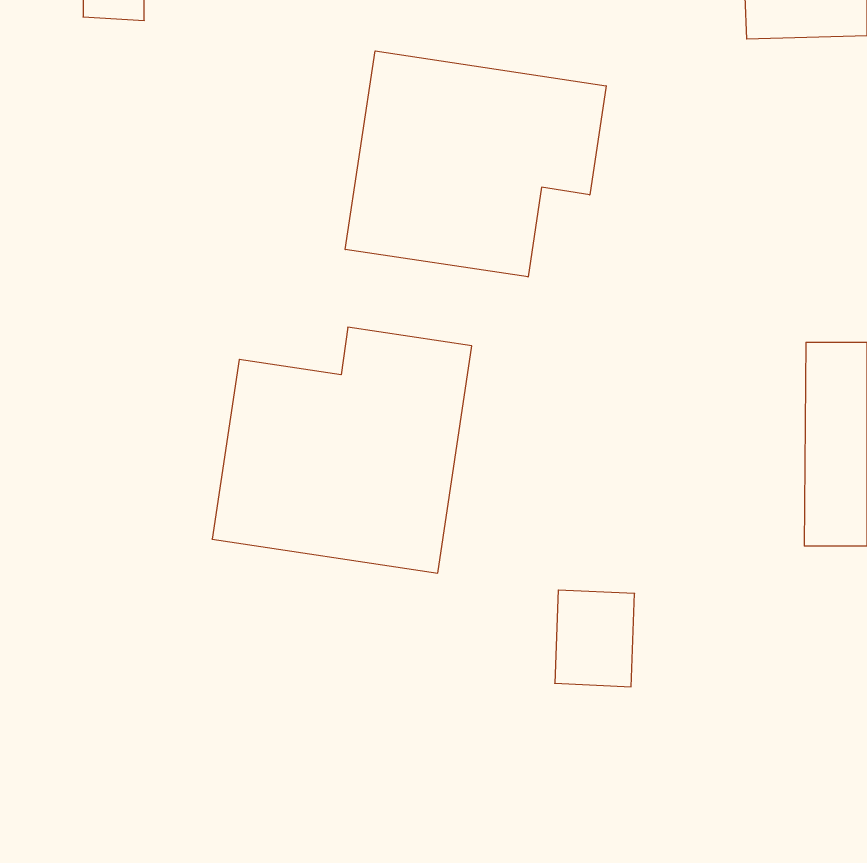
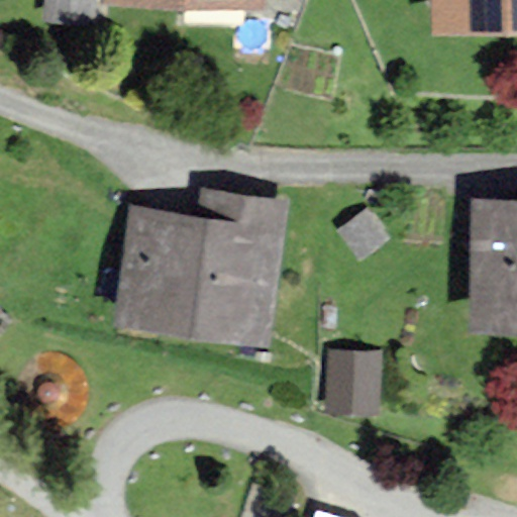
building: [345,51,606,277] -> none

